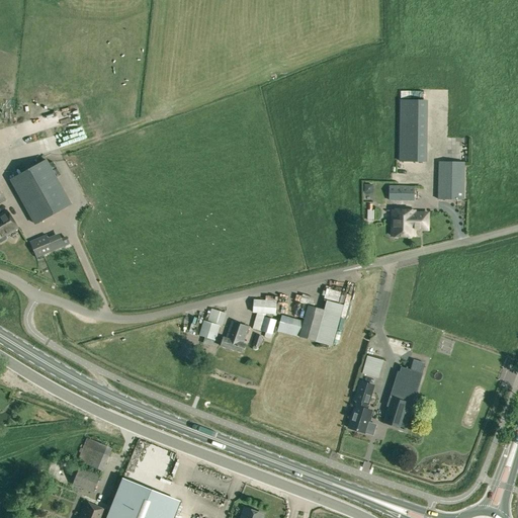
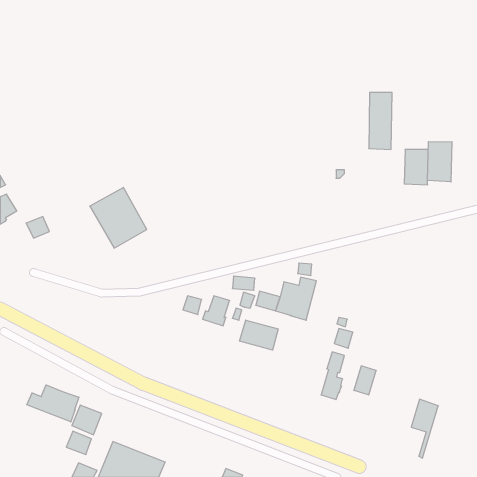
building: none -> [428,142,452,182]
building: [12,157,74,223] -> [90,187,147,248]
building: [388,186,414,201] -> none
building: [392,210,428,236] -> none
building: none -> [239,320,278,350]
building: [392,366,421,430] -> [411,399,438,458]
building: none -> [27,385,79,422]

